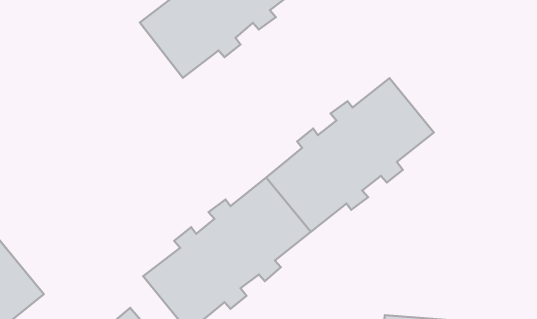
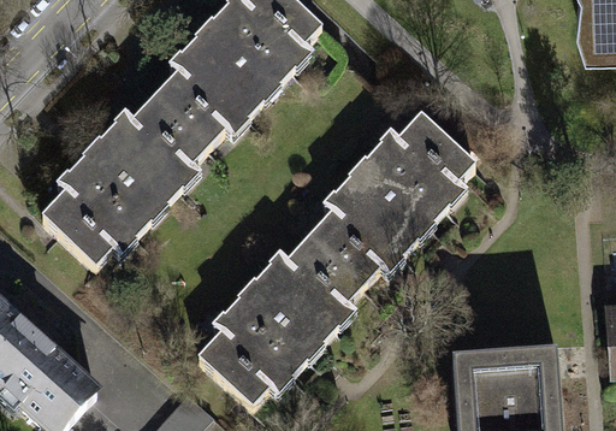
building: none -> [42,93,209,262]

